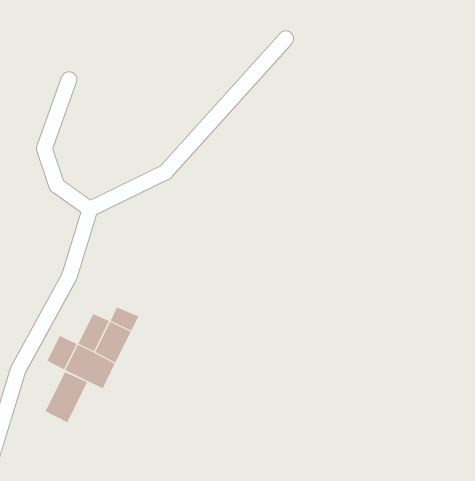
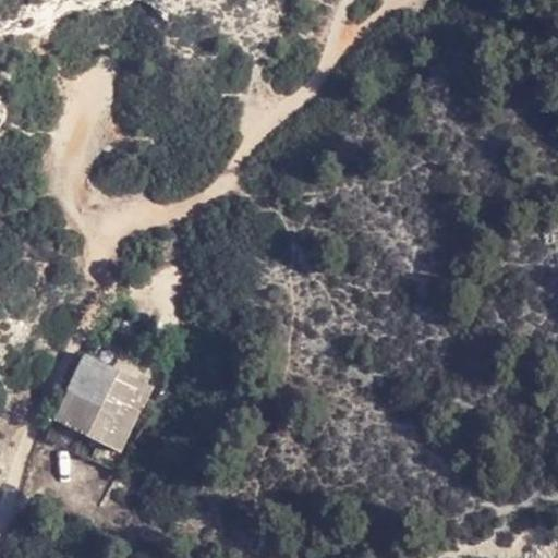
building: none -> [69,353,107,399]
building: [45,372,88,423] -> none

